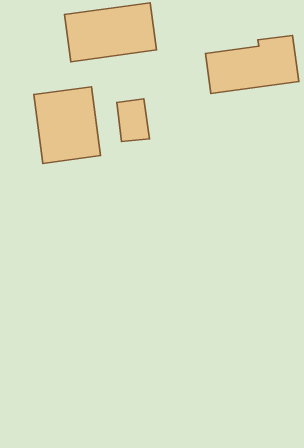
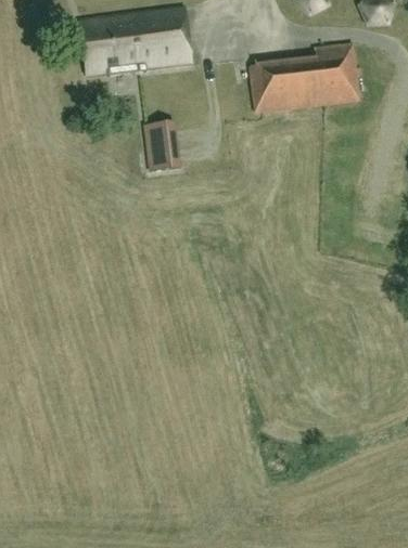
building: [34,87,101,163] -> none

